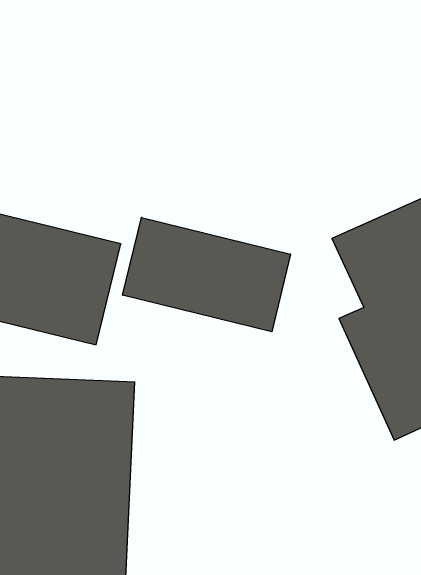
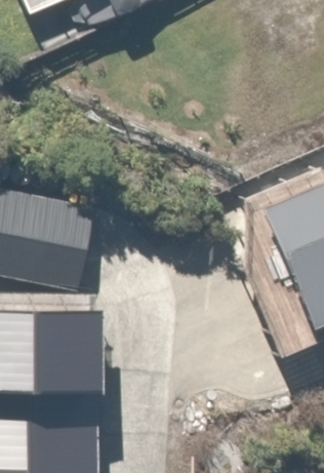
building: [123,217,290,332] -> none

